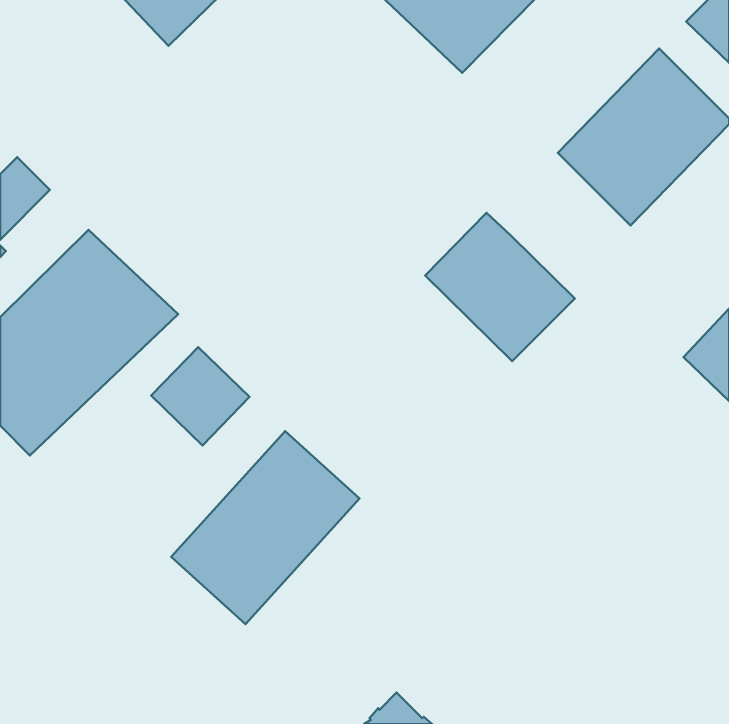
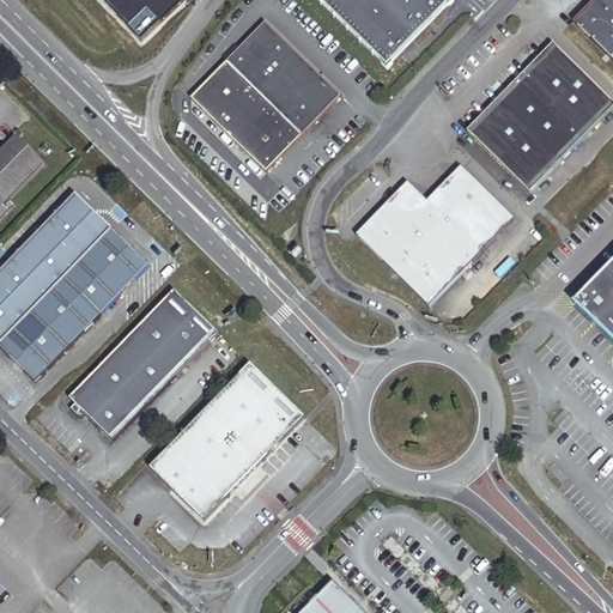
building: none -> [193,19,342,169]
building: none -> [429,164,516,250]
building: none -> [61,332,170,441]

